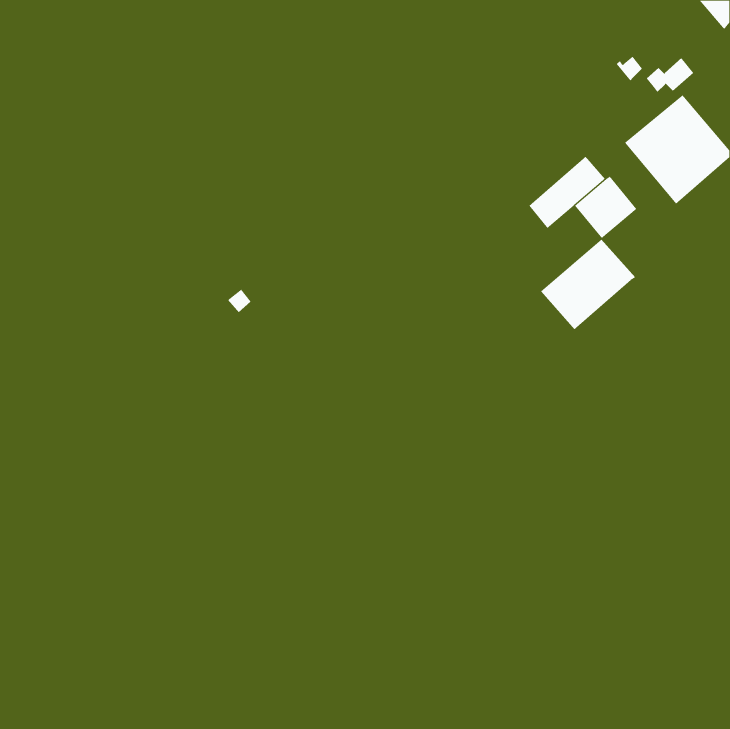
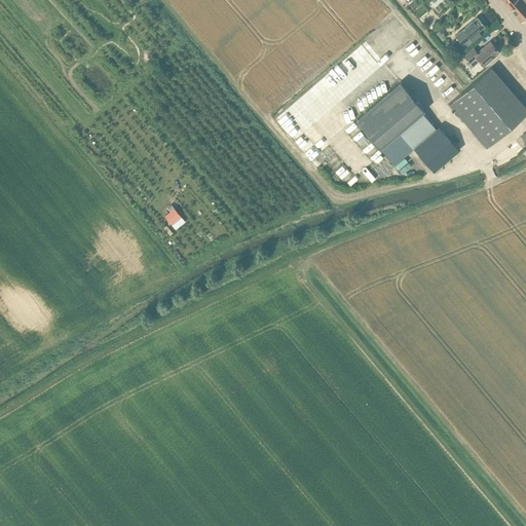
building: none -> [455,18,484,49]
building: [540,239,636,330] -> [355,83,424,149]

